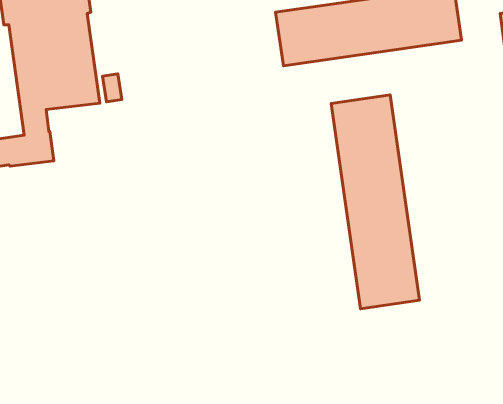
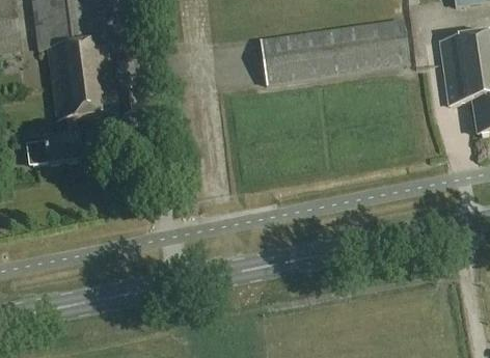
building: [331,95,420,309] -> none

